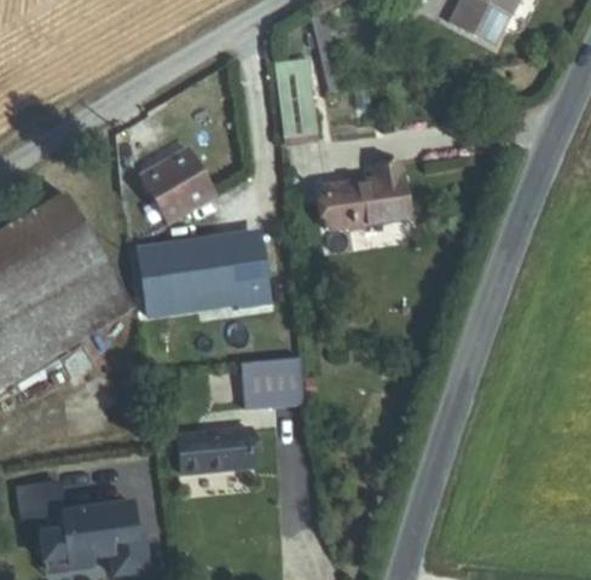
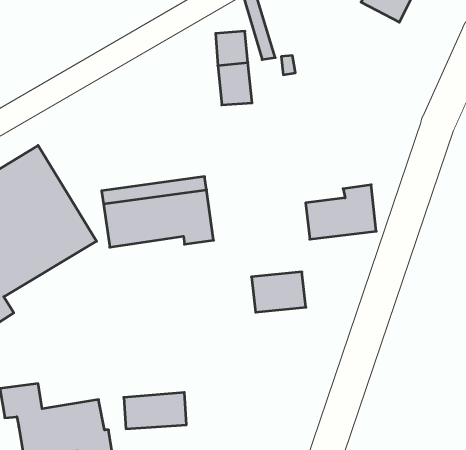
building: [139,145,213,220] -> none
building: [325,163,410,228] -> [306,185,376,239]
building: [241,358,306,406] -> [251,272,306,312]
building: [178,429,253,472] -> [124,392,186,429]

